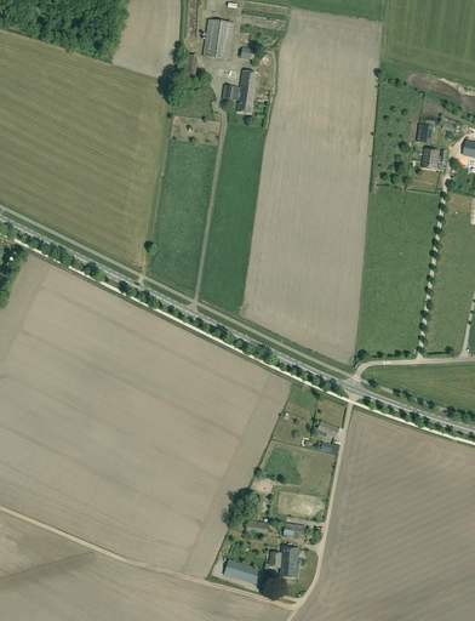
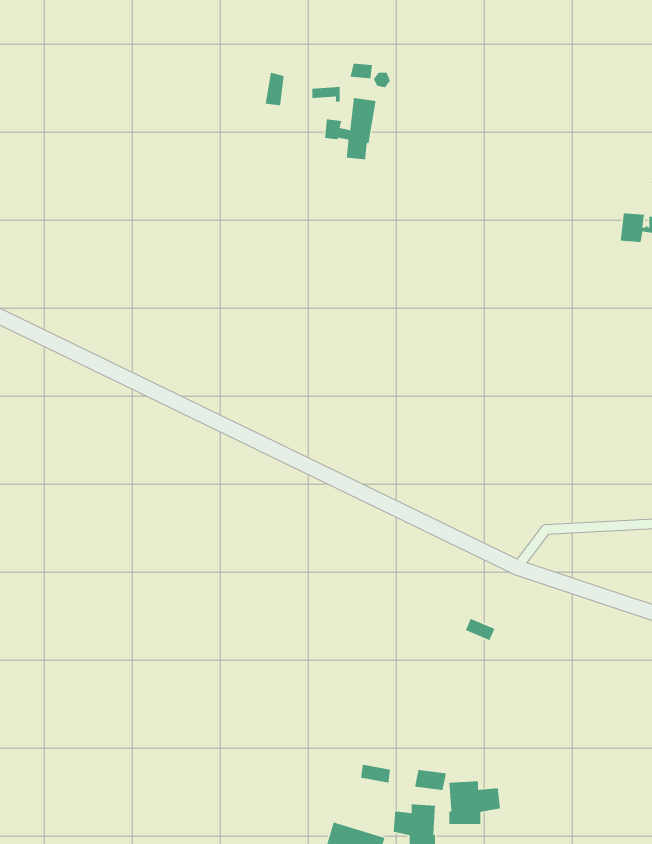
building: [202,21,233,59] -> none
building: none -> [448,780,501,825]

